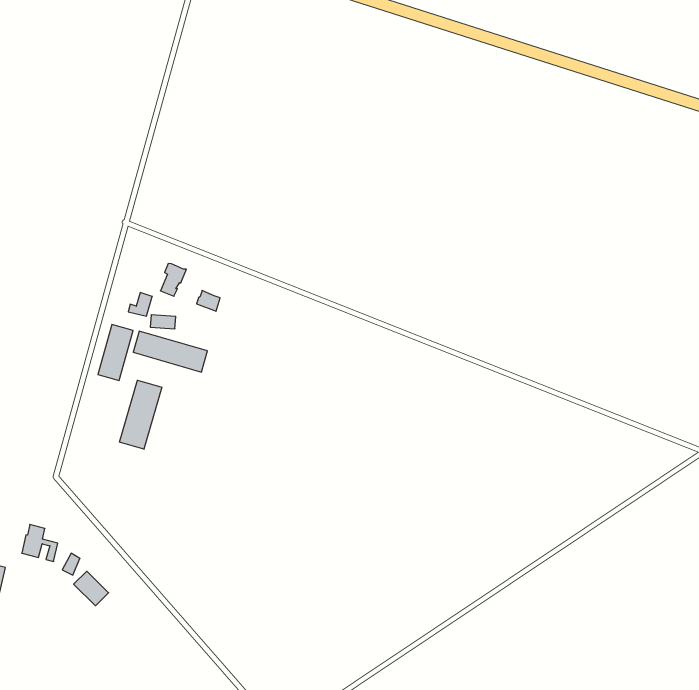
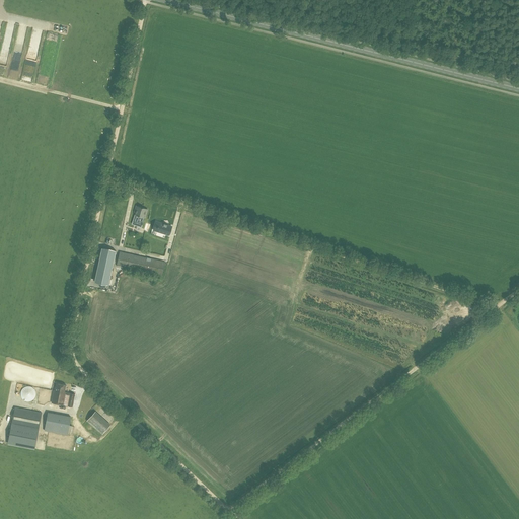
building: [119,380,162,449] -> none
building: none -> [44,412,70,434]

